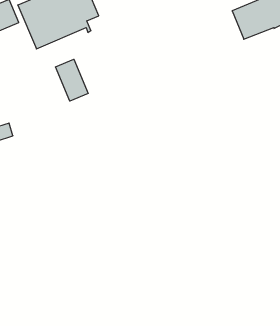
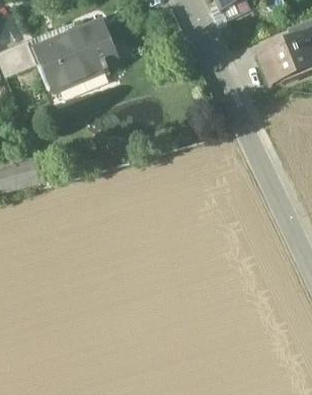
building: [55,59,88,101] -> none

